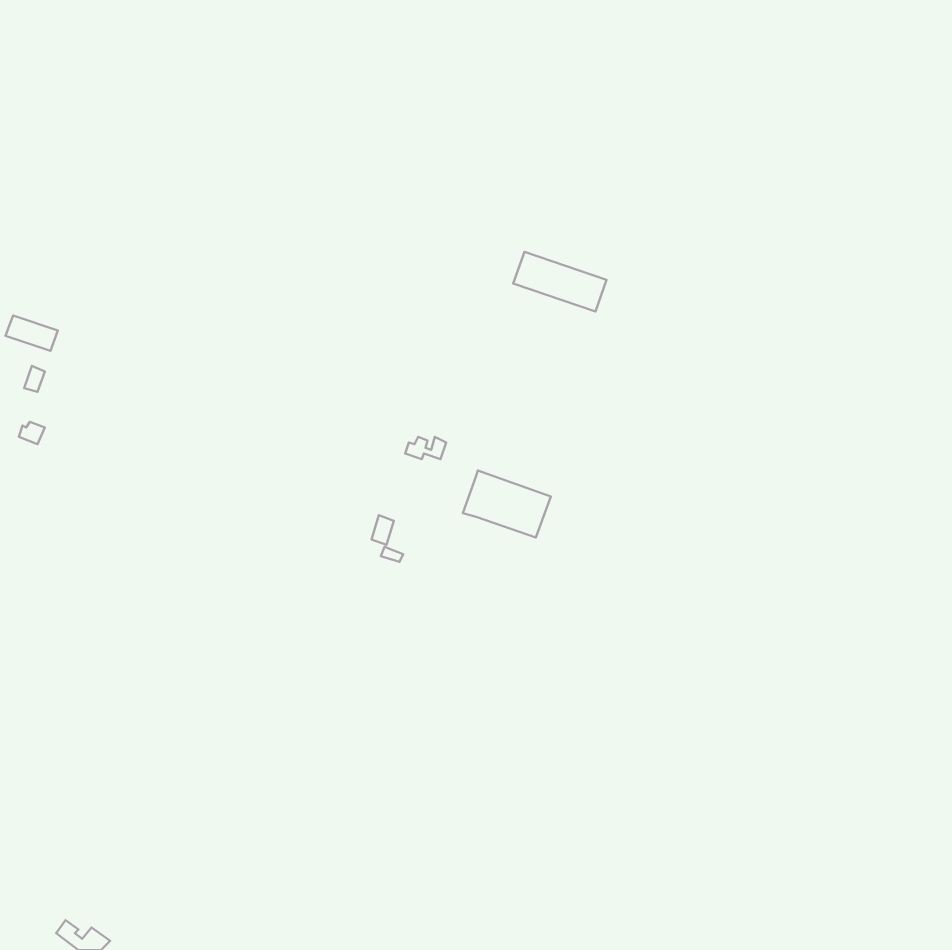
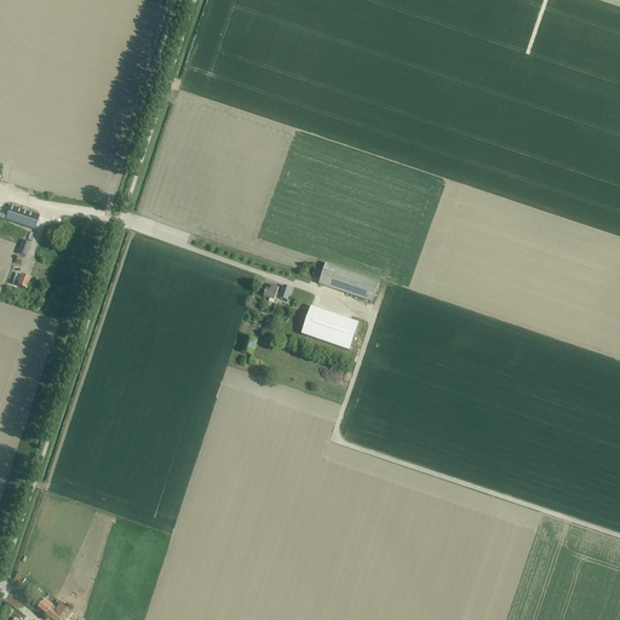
building: [513,252,607,312] -> [317,262,378,300]

